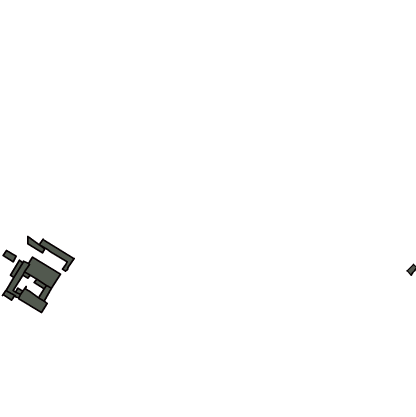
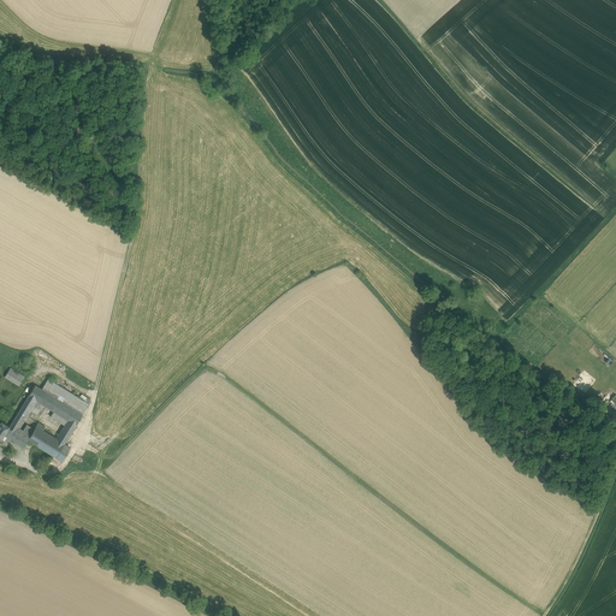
building: [39,239,74,271] -> none

